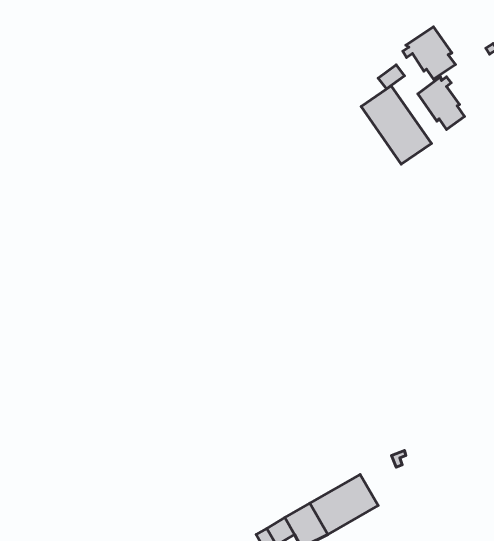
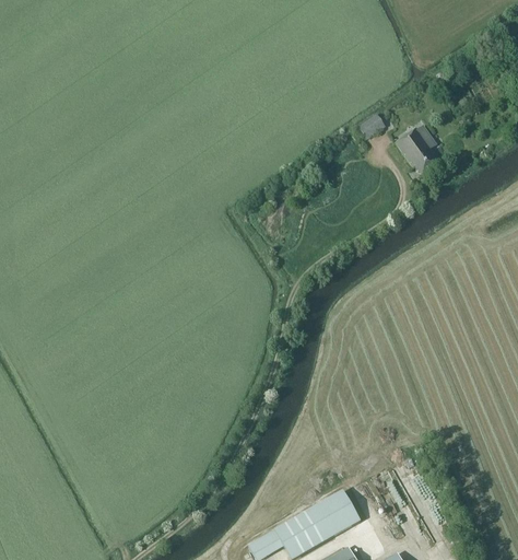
building: [403,27,455,79] -> none
building: [361,86,431,164] -> none

